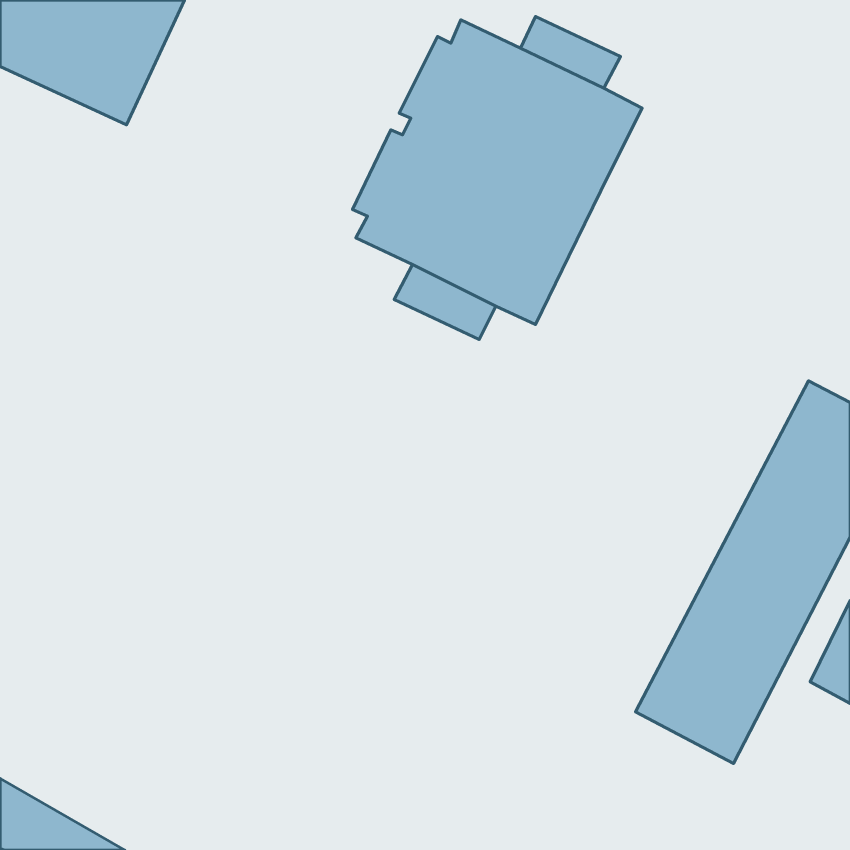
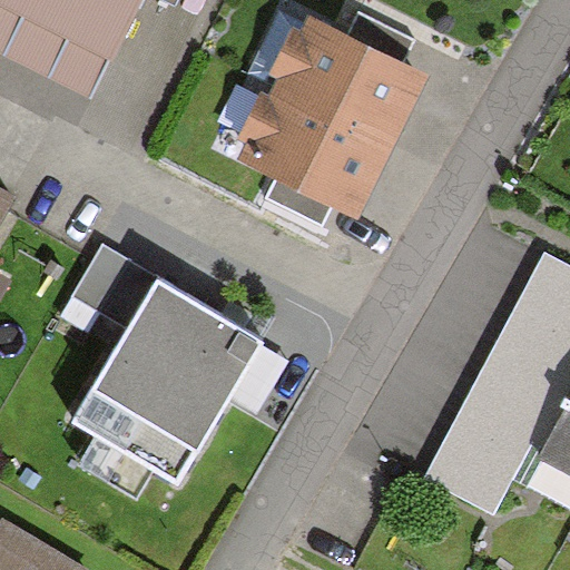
building: none -> [73,248,264,498]

